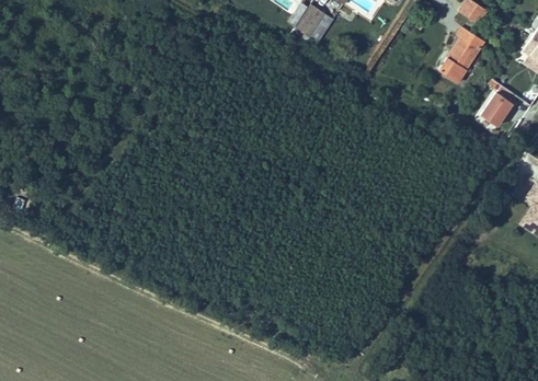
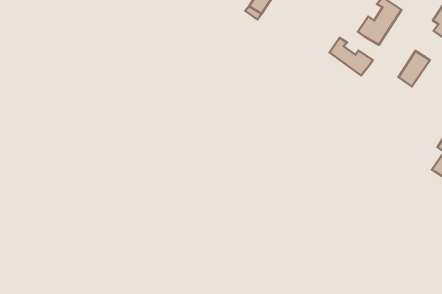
building: none -> [330,38,373,75]

